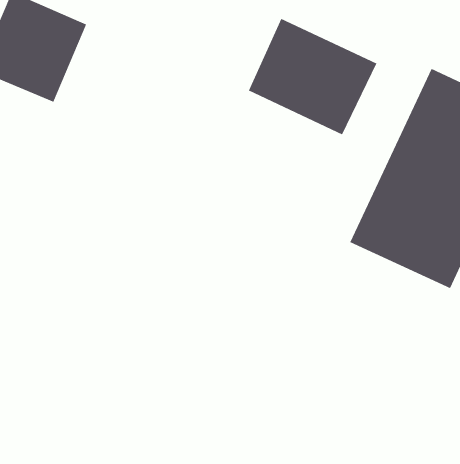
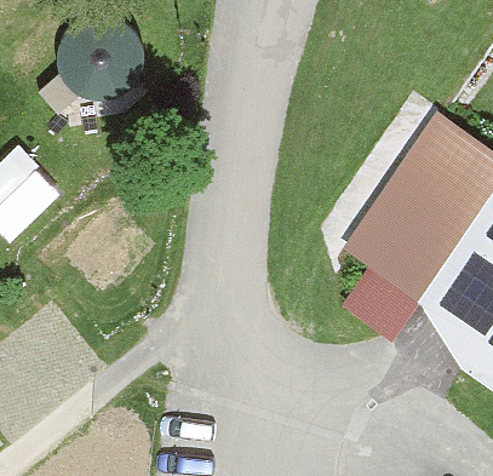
building: [248,18,377,135] -> none

